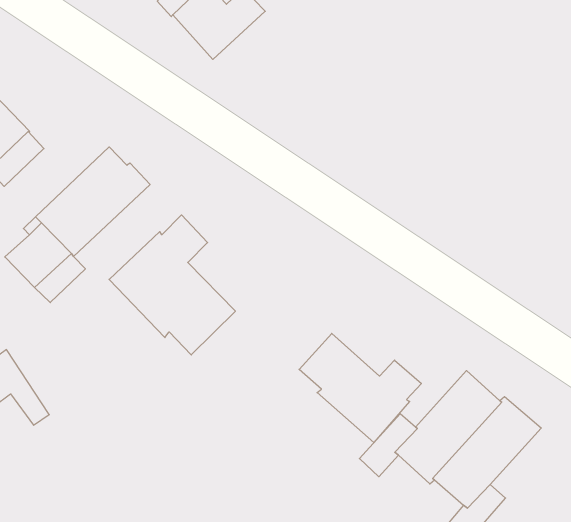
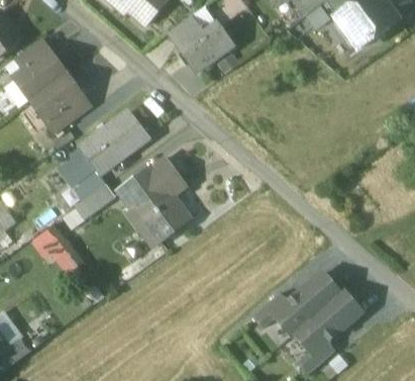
building: none -> [76,182,116,219]
building: [299,333,421,443] -> none

